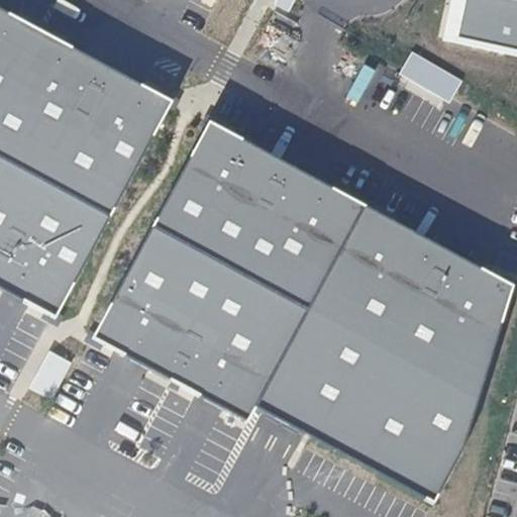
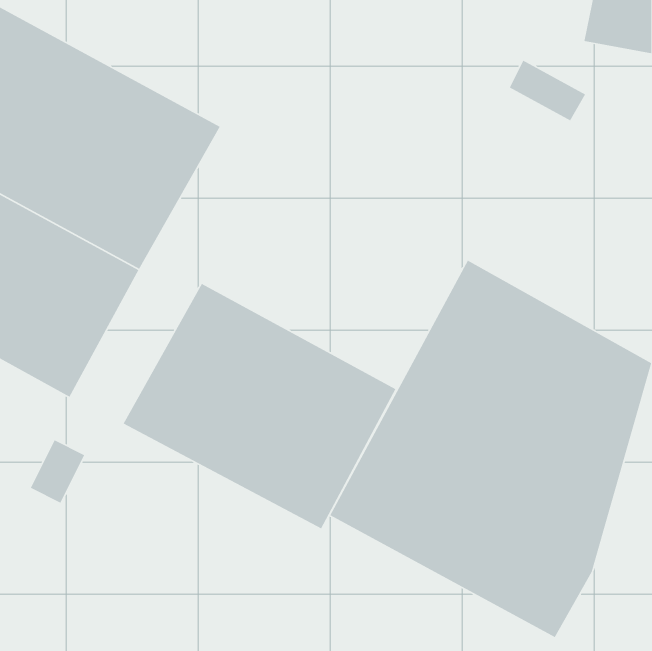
building: [158,120,366,304] -> none

